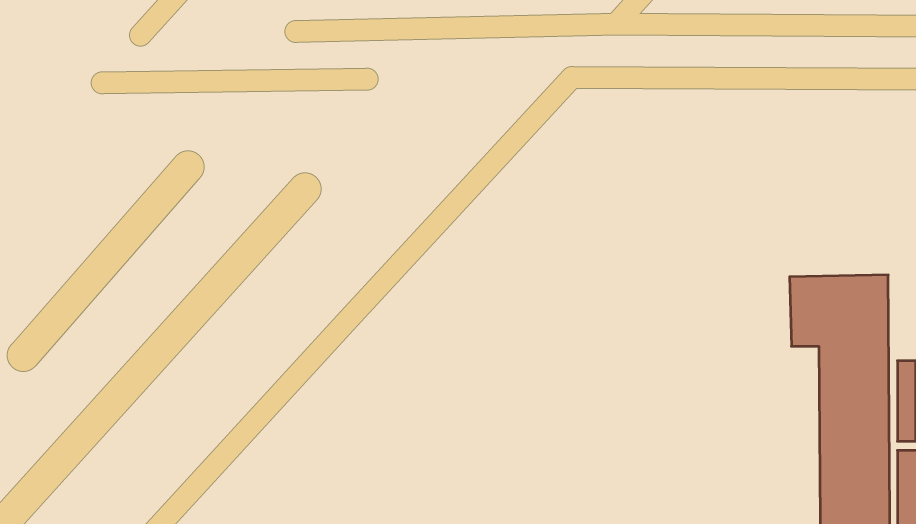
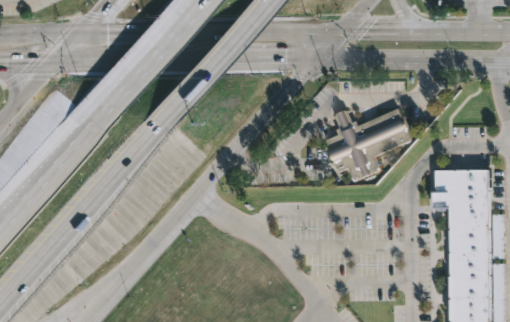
building: none -> [323,107,411,180]

